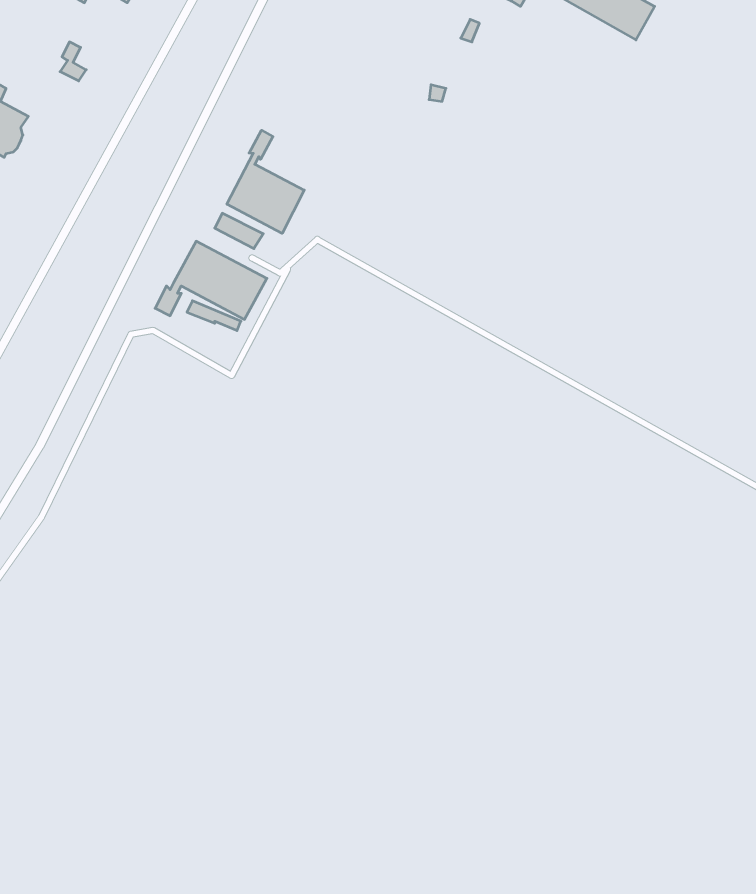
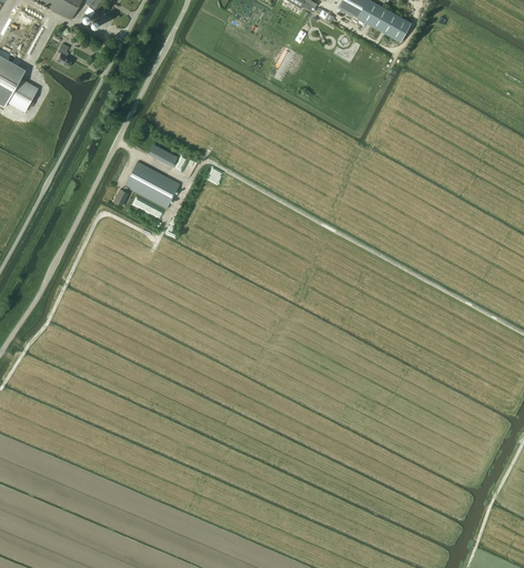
building: [227,130,304,233] -> none

